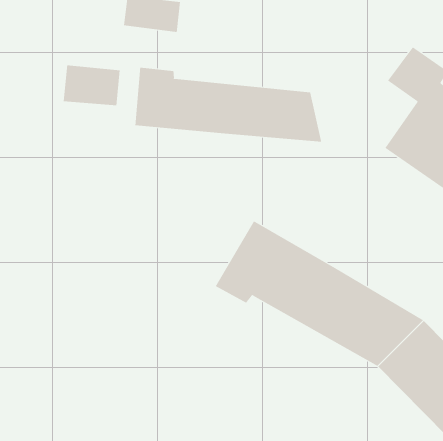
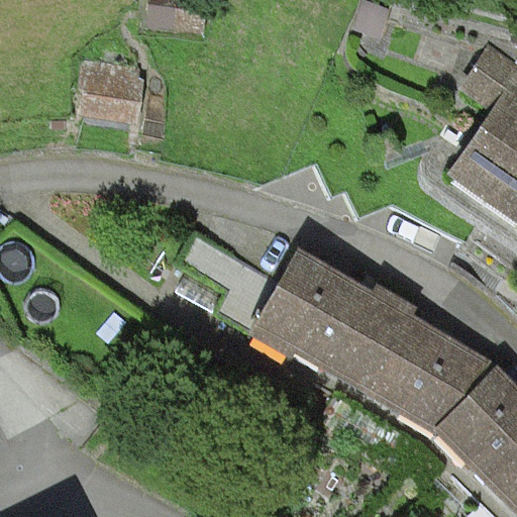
building: [135,67,322,142] -> none

